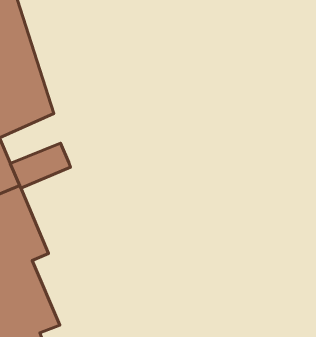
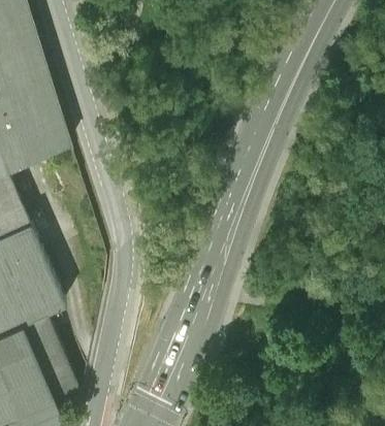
building: [10,143,71,188] -> none

